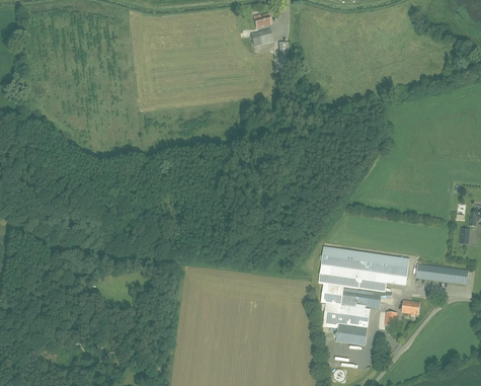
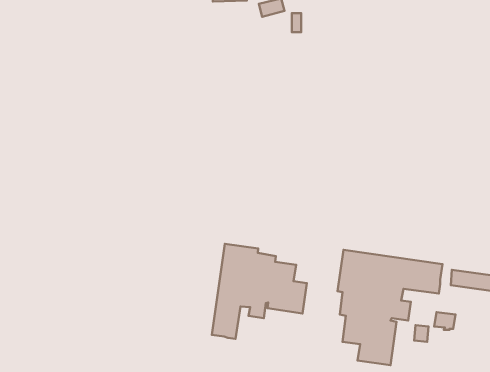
building: none -> [212,244,307,339]

